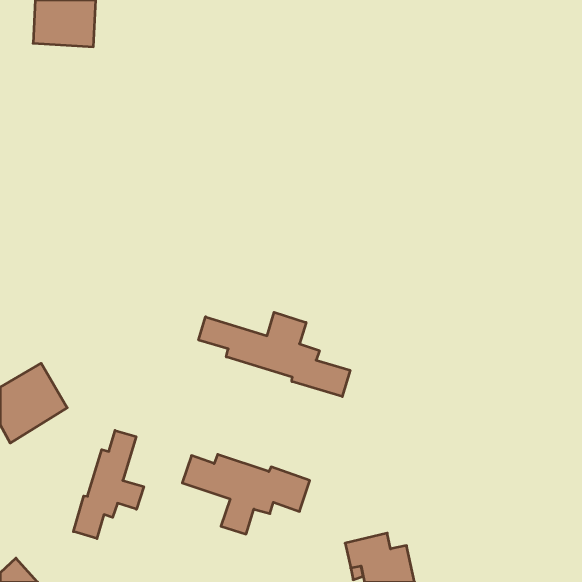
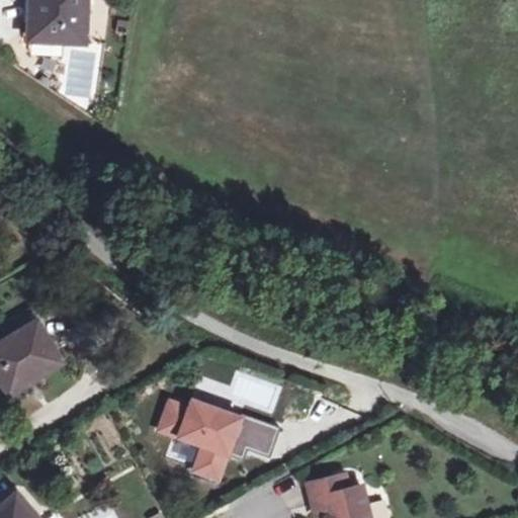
building: [199,312,350,397] -> none
building: [73,430,144,539] -> none

